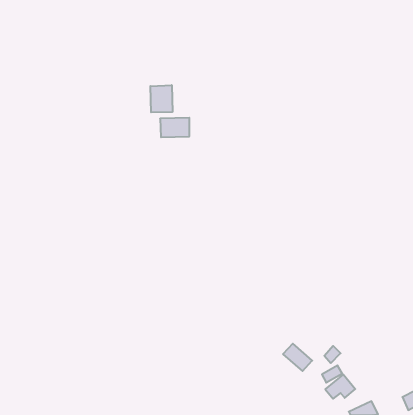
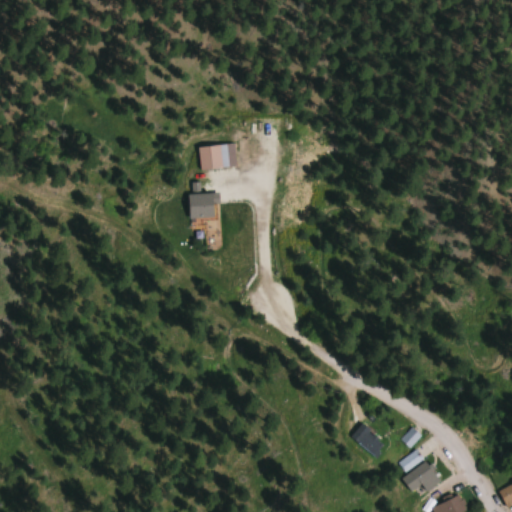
building: [150,85,172,112] -> none
building: none -> [189,194,215,219]

